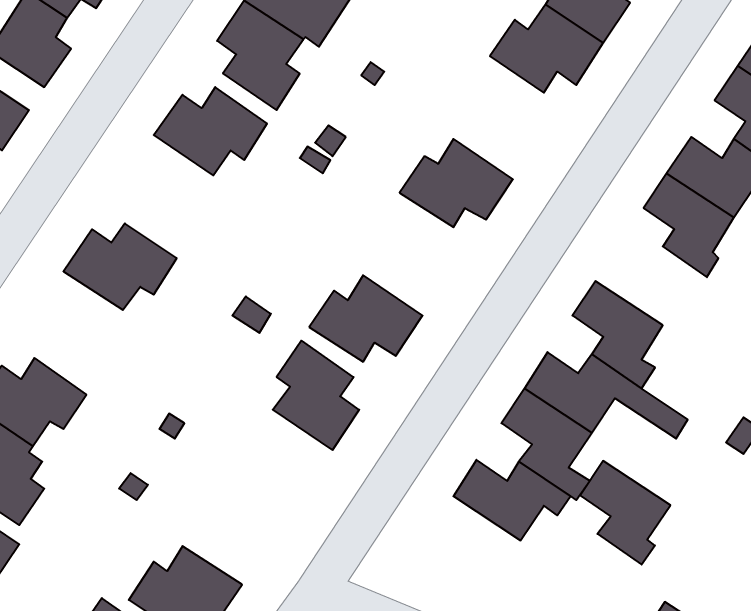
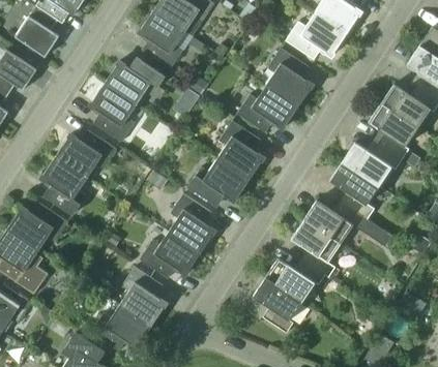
building: none -> [266,48,313,106]
building: none -> [90,83,137,142]
building: none -> [217,120,264,180]
building: none -> [343,142,403,185]
building: none -> [41,156,88,215]
building: none -> [140,231,201,278]
building: [580,461,670,565] -> [254,277,302,333]
building: none -> [120,266,167,325]

